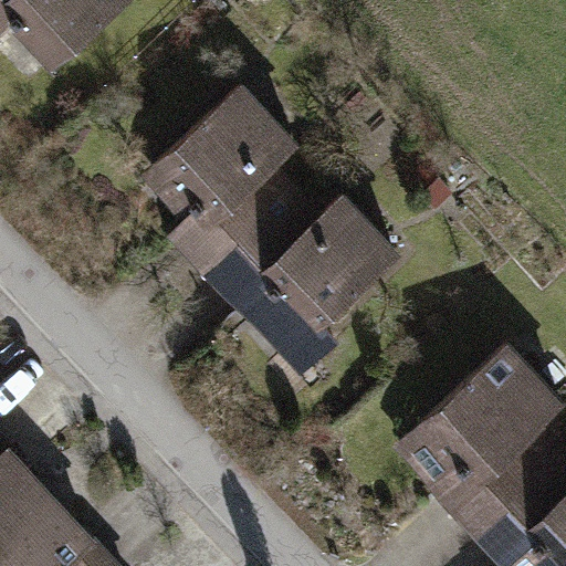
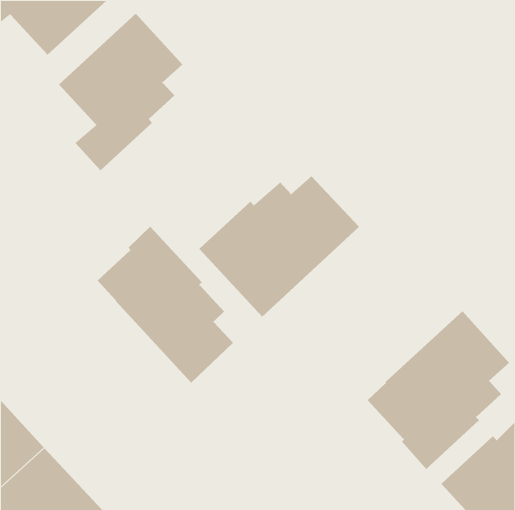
building: [156,88,293,262] -> [58,13,183,171]
building: none -> [97,226,234,383]

